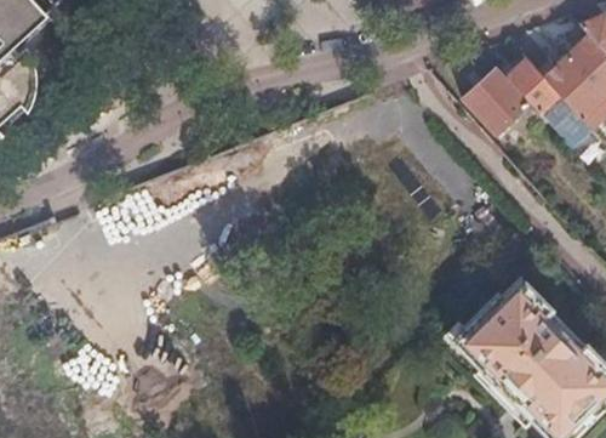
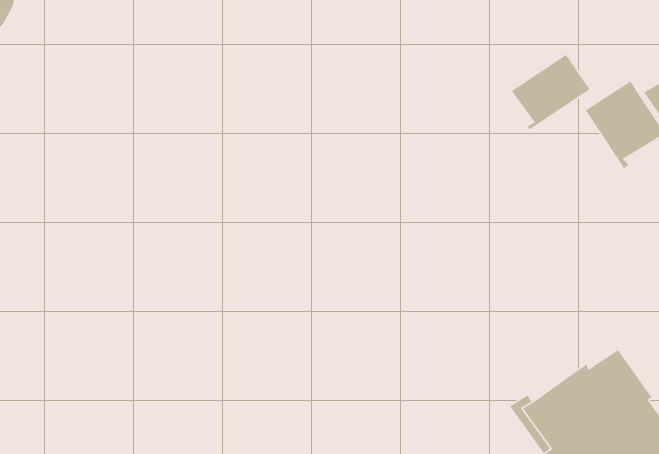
building: none -> [511,54,591,130]

